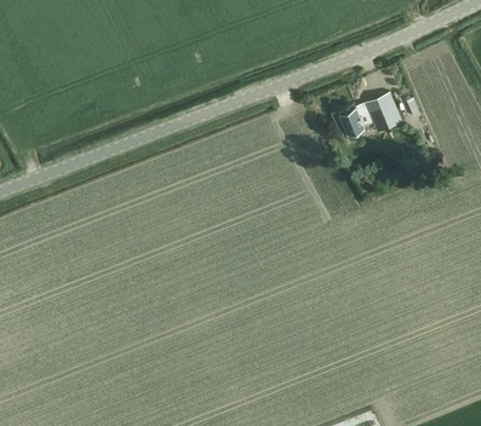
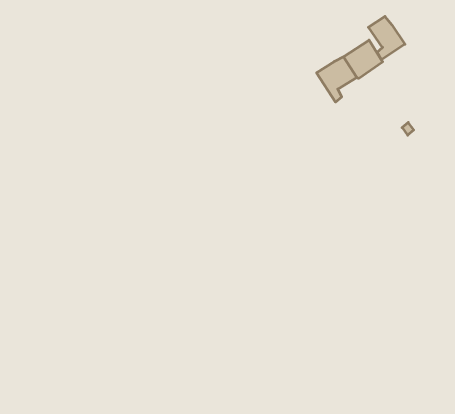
building: none -> [368,16,405,60]

